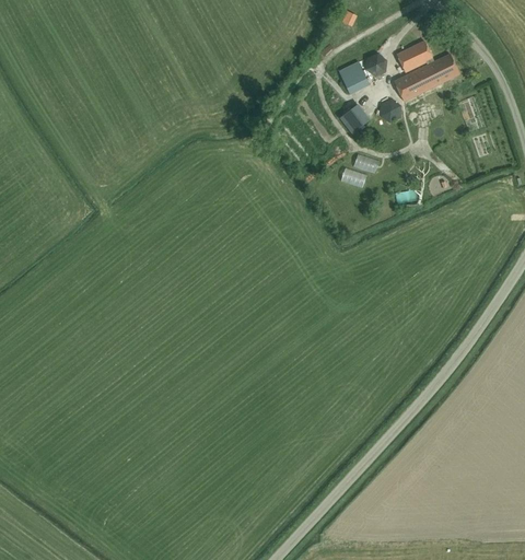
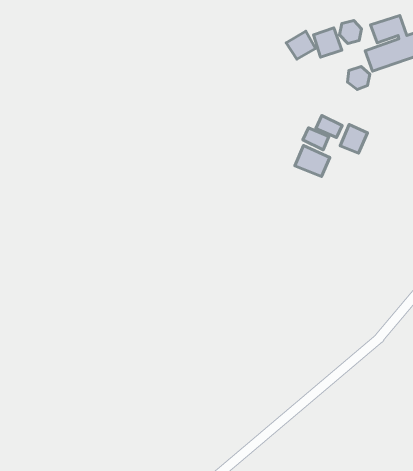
building: [339,103,370,132] -> [286,31,315,59]
building: none -> [340,125,368,153]
building: none -> [295,145,330,177]

